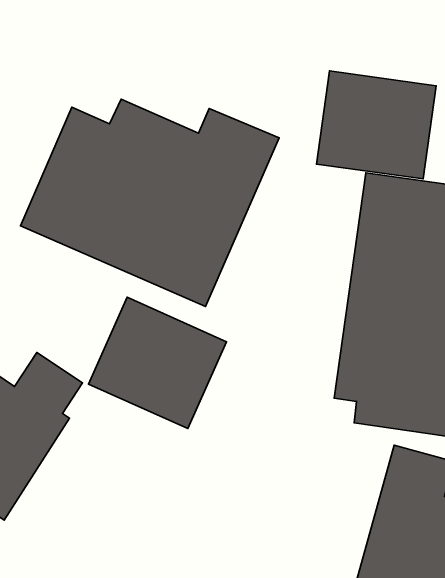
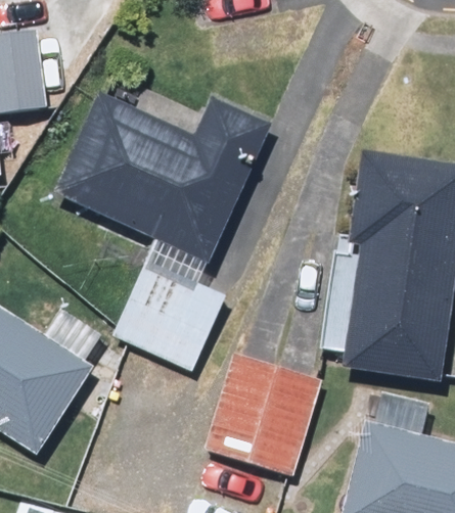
building: [316,71,436,179] -> none
building: none -> [206,352,321,471]

